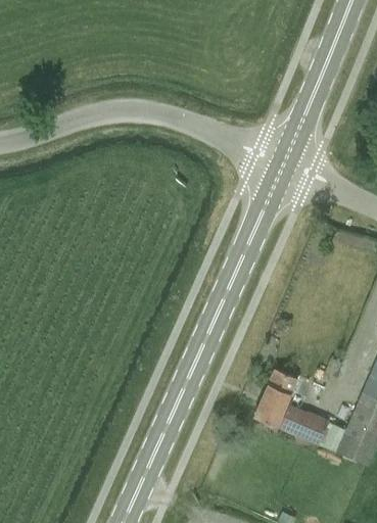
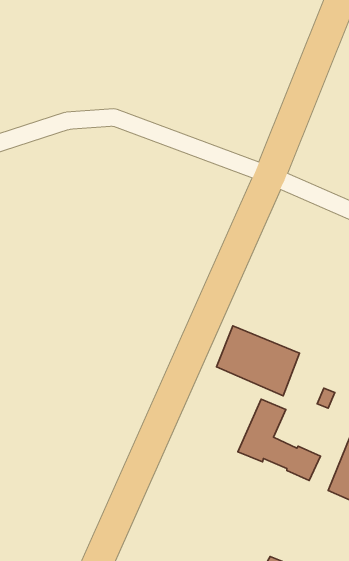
building: none -> [217,326,300,396]

